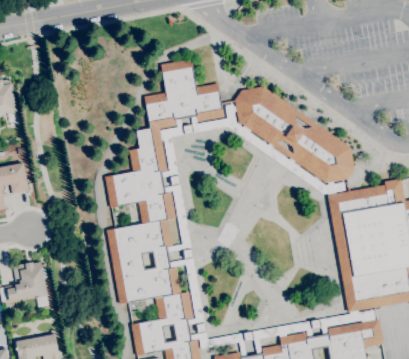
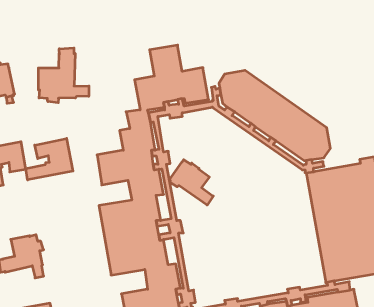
building: none -> [38,48,89,103]
building: none -> [26,138,73,180]
building: none -> [169,160,213,205]

